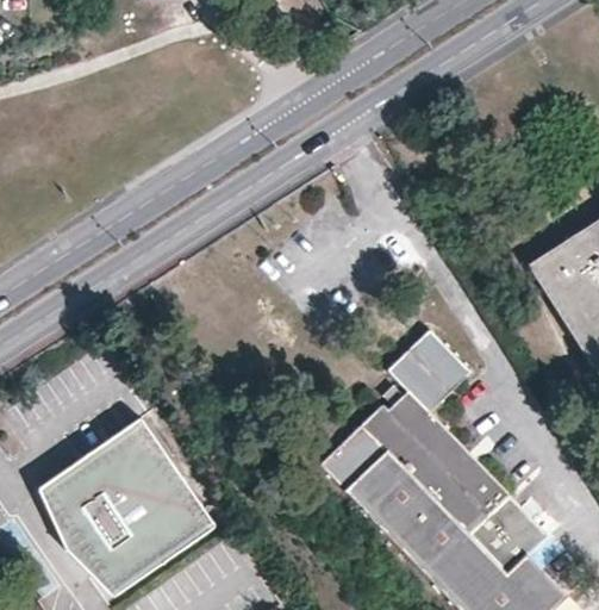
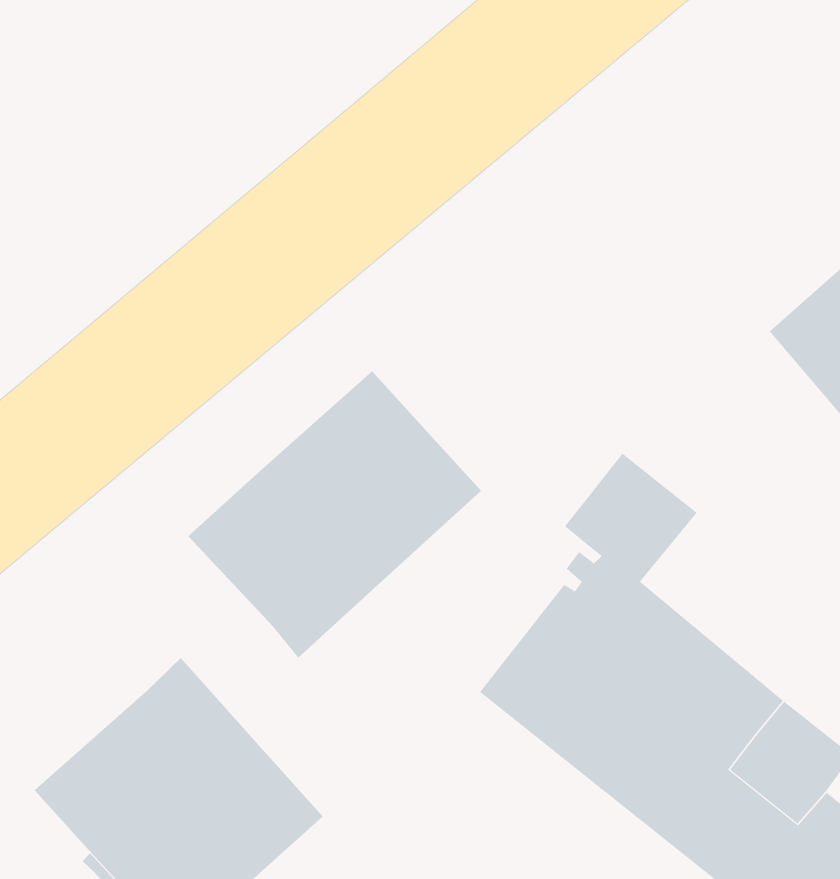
building: none -> [188,370,482,658]

